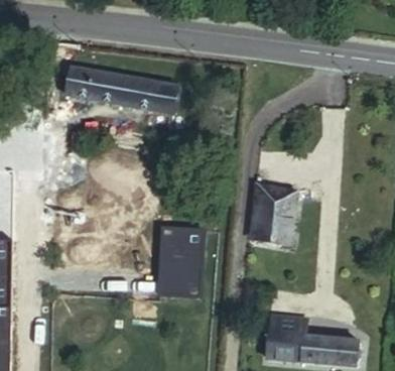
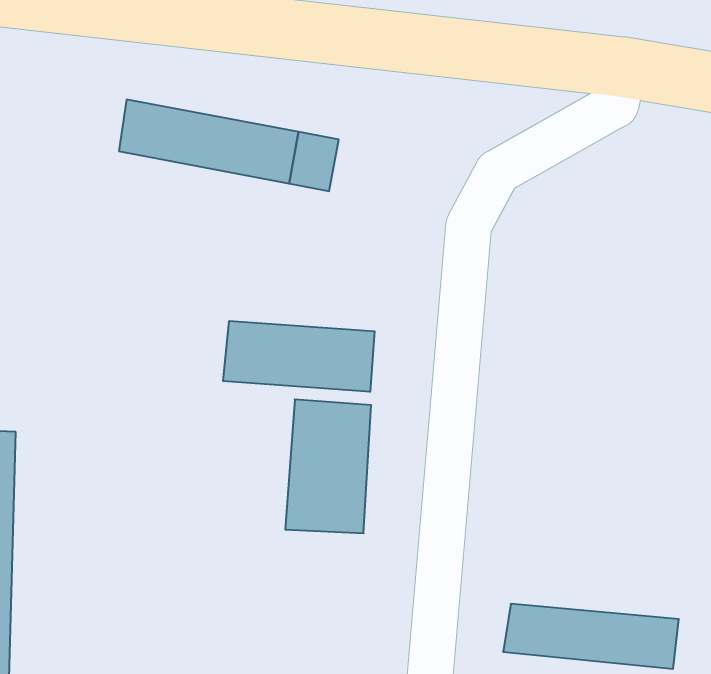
building: none -> [223,321,375,392]
building: [258,184,301,245] -> none

